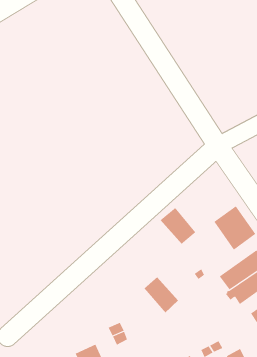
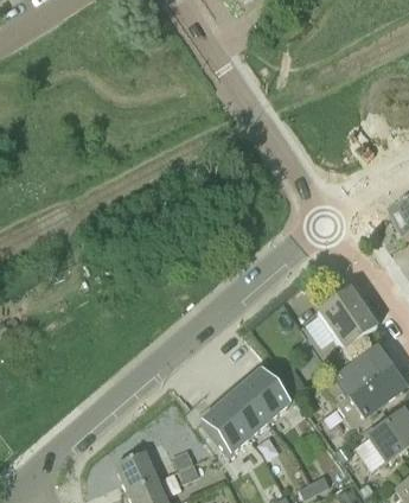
building: [160,207,196,244] -> [239,368,289,419]
building: none -> [200,402,250,453]
building: none -> [114,451,155,491]

